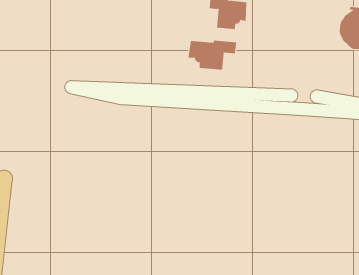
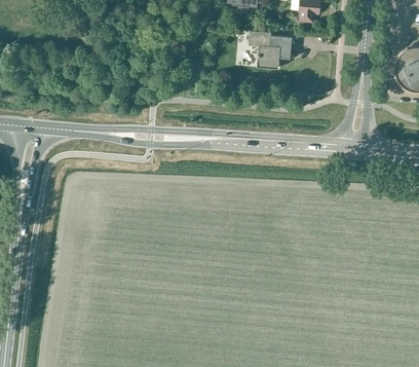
building: [188,40,237,71] -> none

